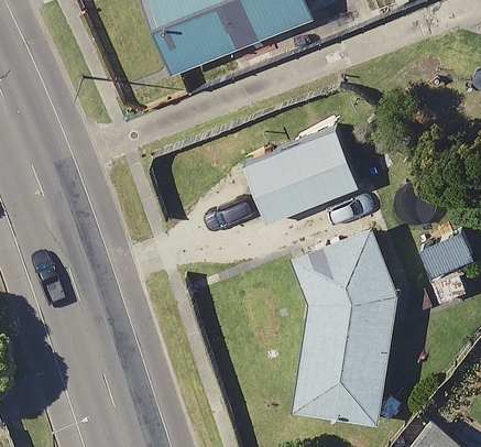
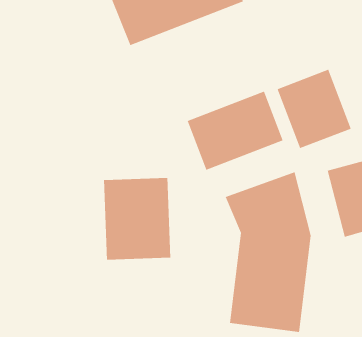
building: none -> [277,69,352,149]
building: none -> [104,177,171,260]

